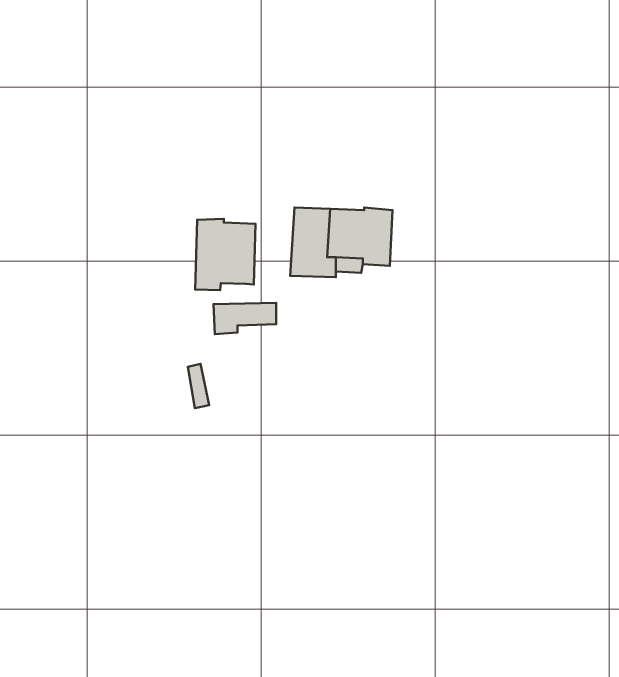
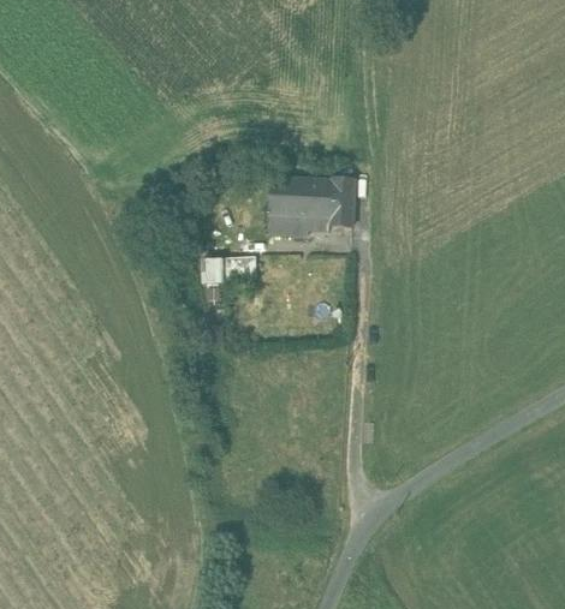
building: [195,219,255,290] -> none

